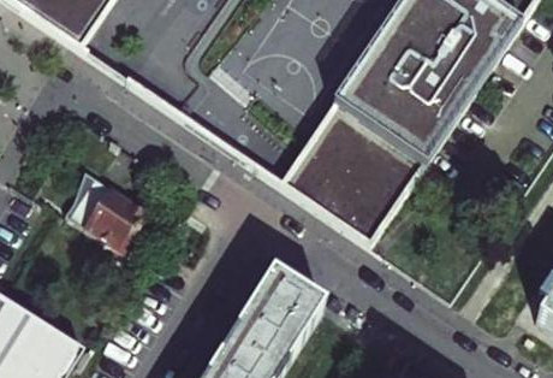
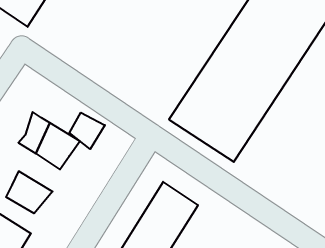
building: none -> [69,113,105,149]
building: none -> [6,171,53,213]

